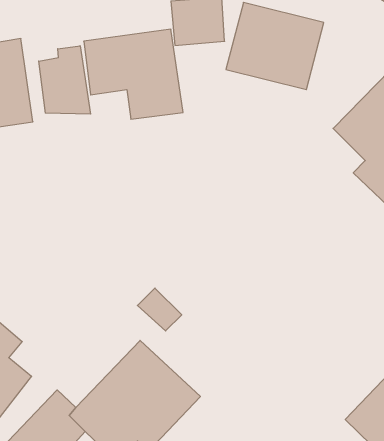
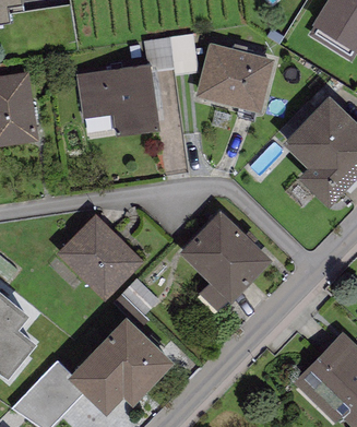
building: [39,46,91,114] -> none
building: none -> [179,211,272,309]
building: none -> [49,214,143,299]

